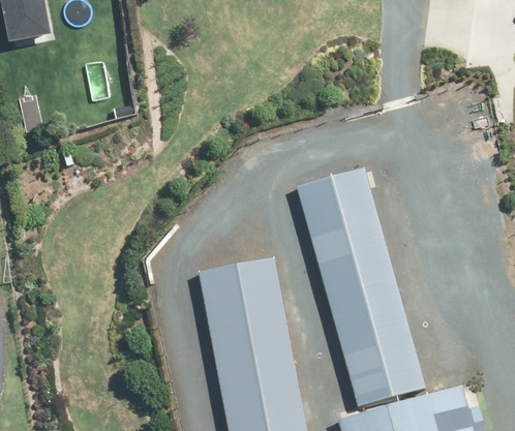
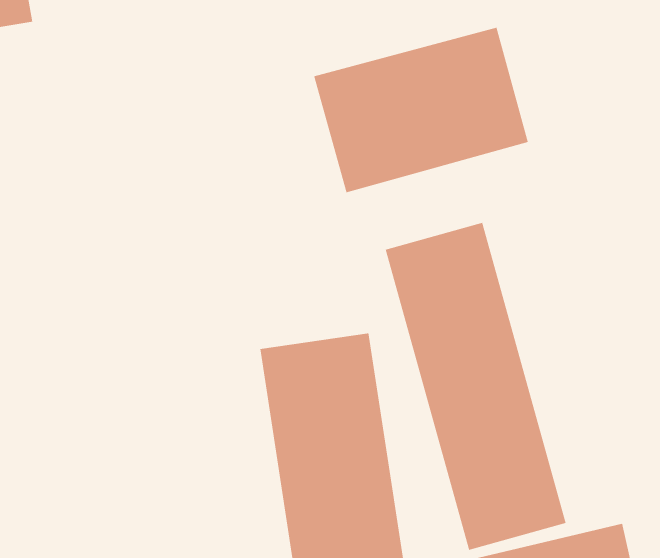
building: none -> [314,27,529,193]

